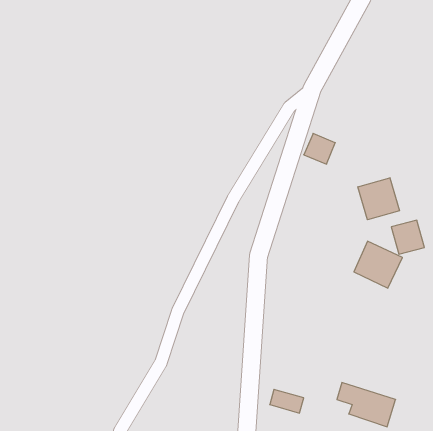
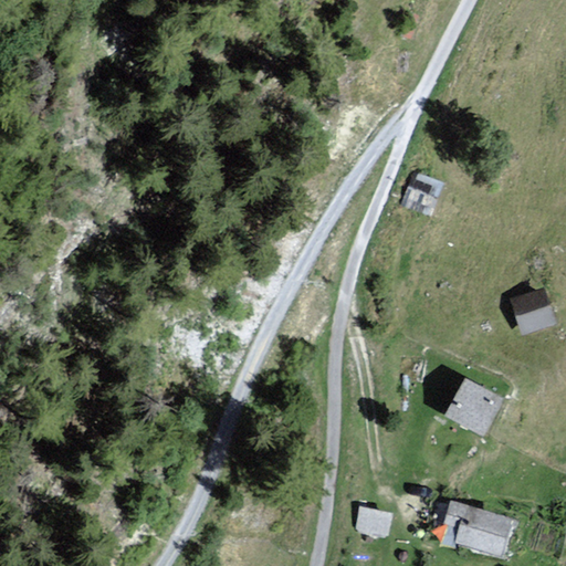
building: [358,178,400,220] -> none
building: [354,241,402,288] -> [441,380,504,441]

